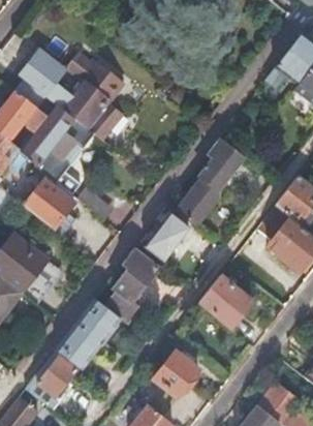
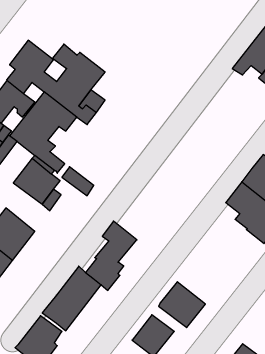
building: [176,138,244,224] -> none
building: [145,209,189,262] -> none
building: [200,275,252,326] -> [159,282,205,328]

